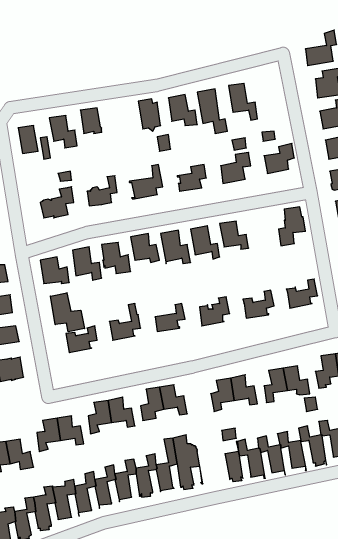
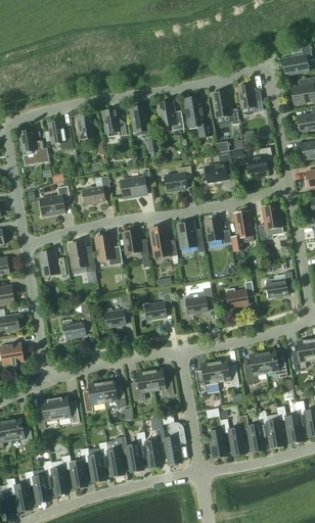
building: none -> [237,84,263,111]
building: none -> [101,108,127,137]
building: none -> [231,211,253,250]
building: [50,293,85,332] -> none

